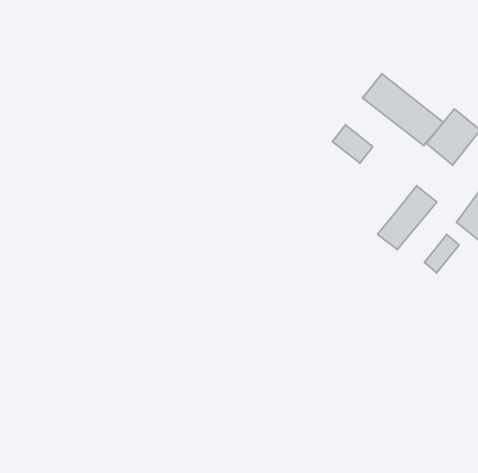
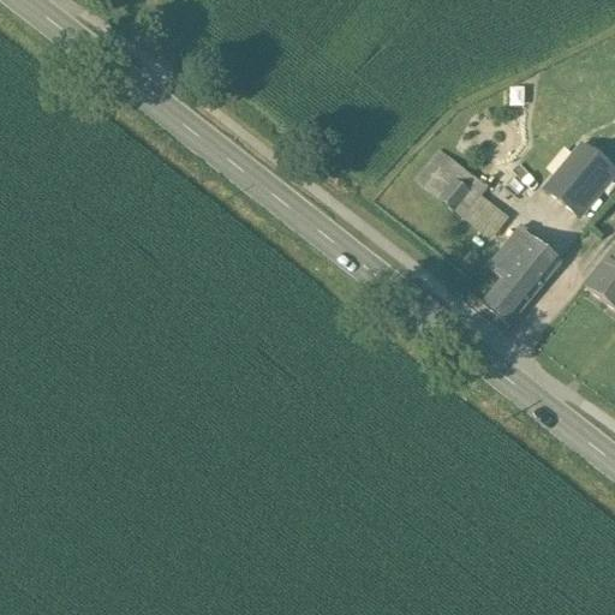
building: [363,74,443,146] -> none
building: [424,234,459,273] -> [491,225,536,274]

